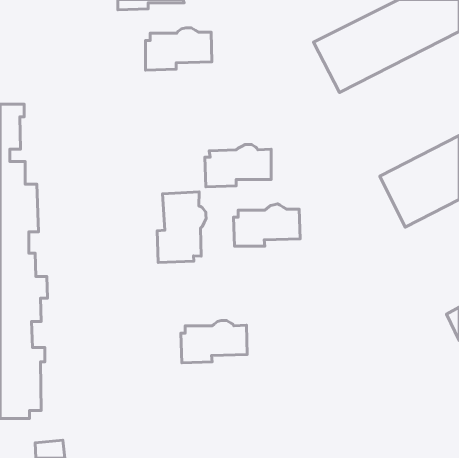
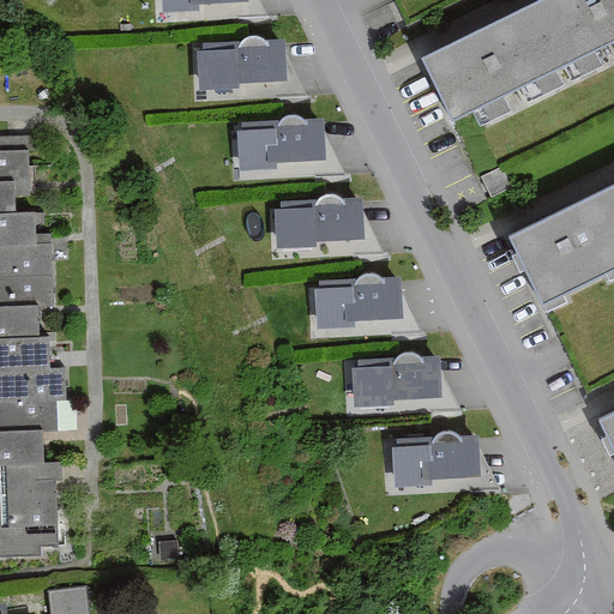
building: none -> [234,114,323,170]
building: [157,192,206,262] -> none
building: [181,321,247,363] -> [351,351,440,408]
building: none -> [390,431,477,487]

